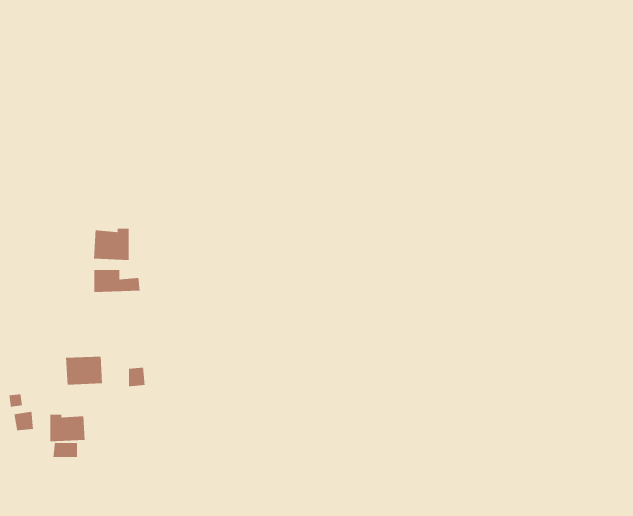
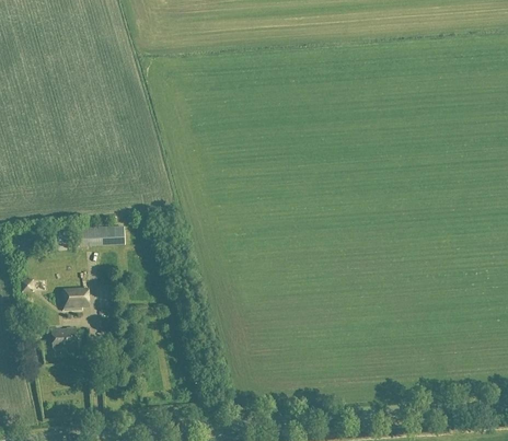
building: [93,228,129,261] -> none

